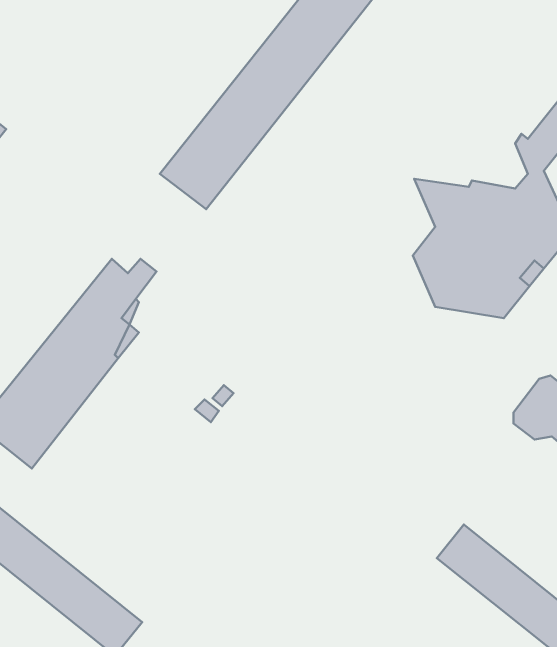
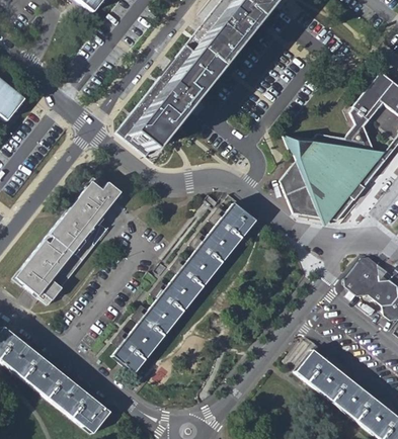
building: none -> [113,203,256,372]

